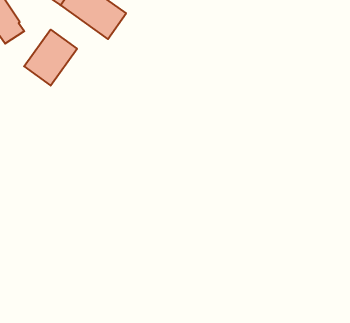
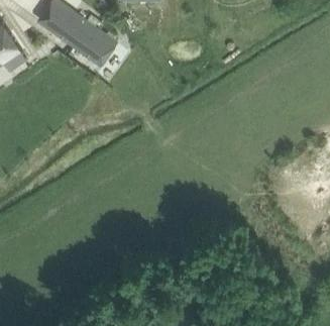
building: [24,30,77,86] -> none

